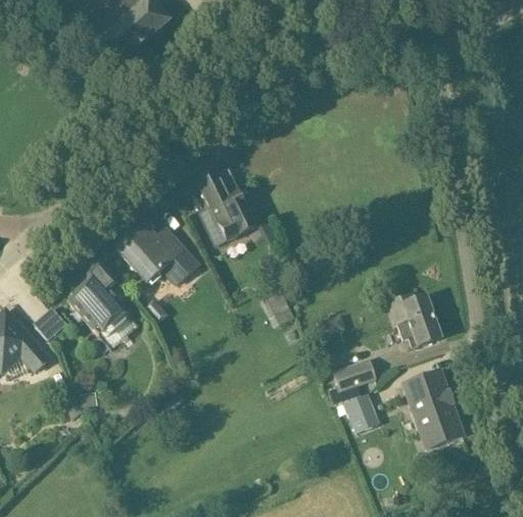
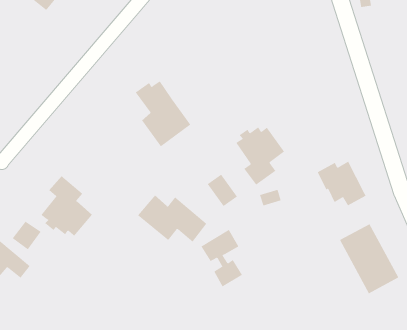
building: [118,225,196,286] -> [137,194,207,242]
building: none -> [235,126,285,185]
building: [334,357,378,421] -> [200,229,243,287]

